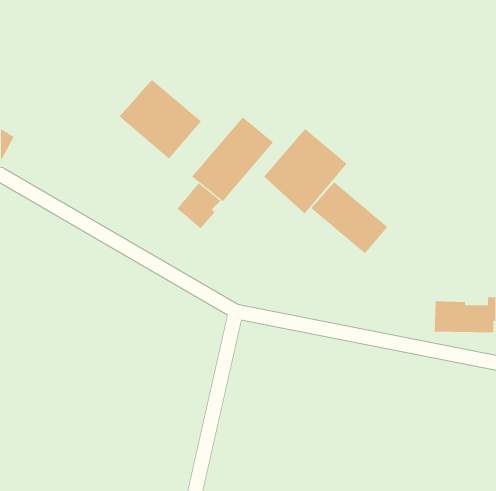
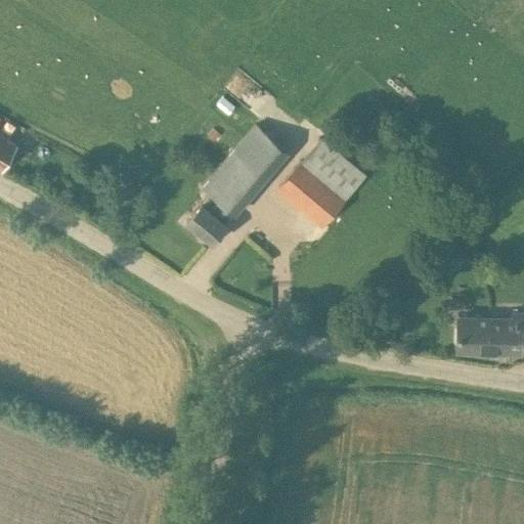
building: [118,79,202,160] -> none
building: [310,181,388,254] -> none

